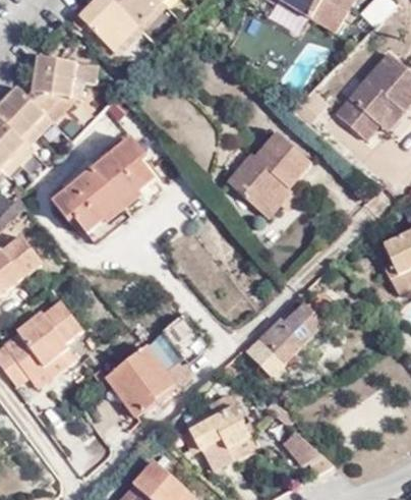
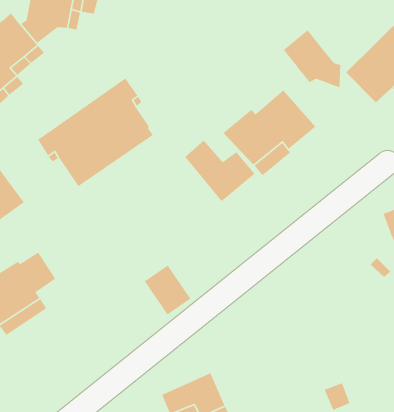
building: none -> [283,29,341,88]
building: none -> [184,140,255,202]
building: [249,303,334,372] -> none
building: [102,330,190,414] -> none

